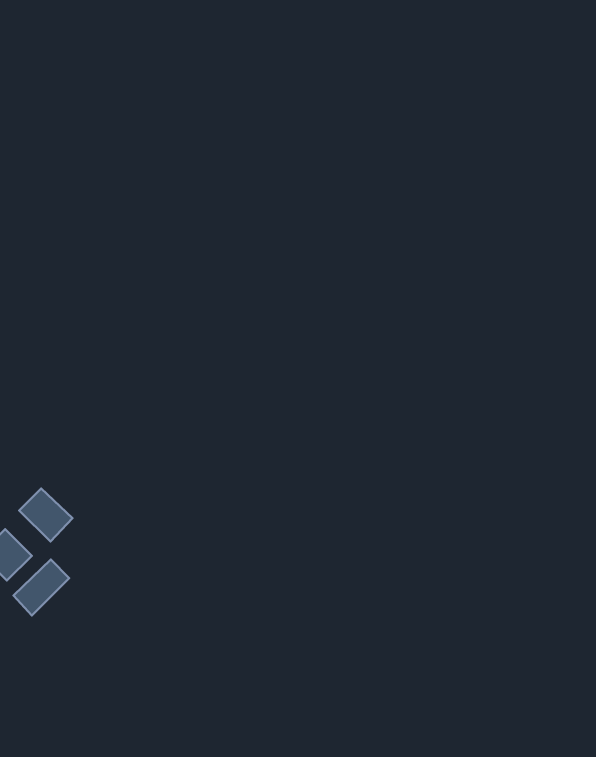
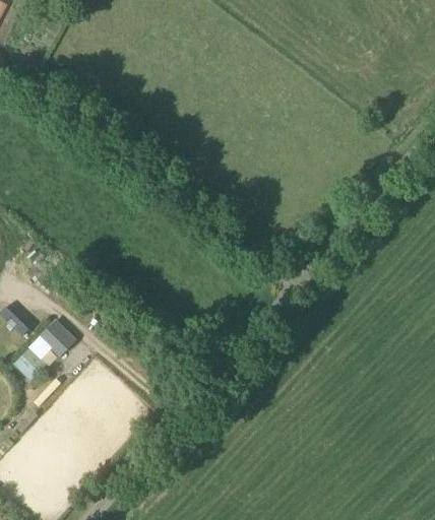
building: [14,560,69,616] -> none

